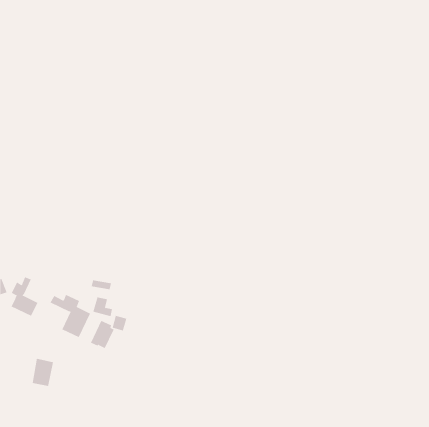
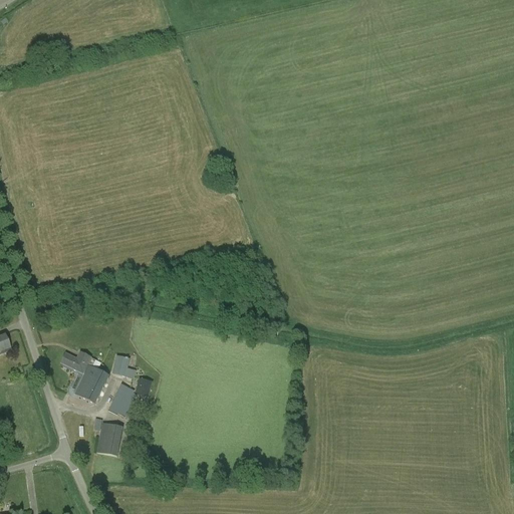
building: [11,277,38,316] -> none
building: [32,358,54,387] -> [96,422,122,456]

